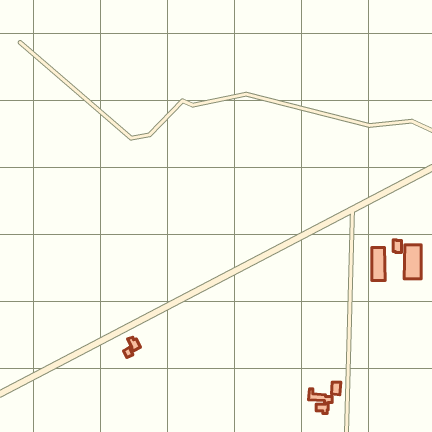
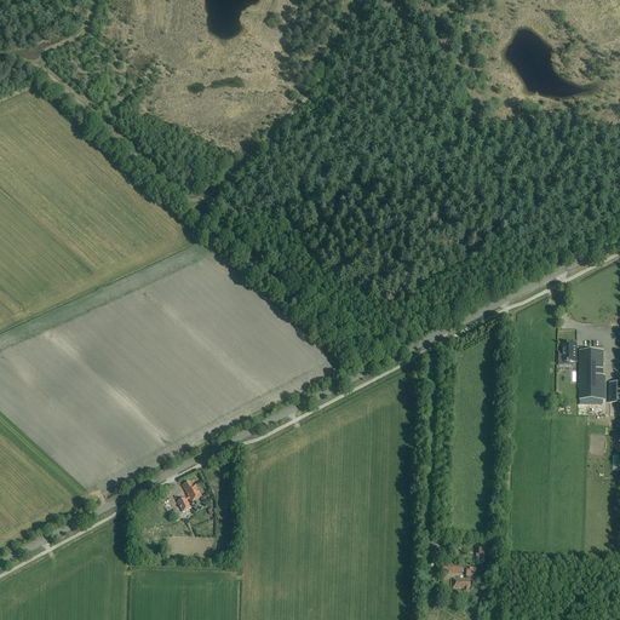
building: [372,247,385,281] -> none

